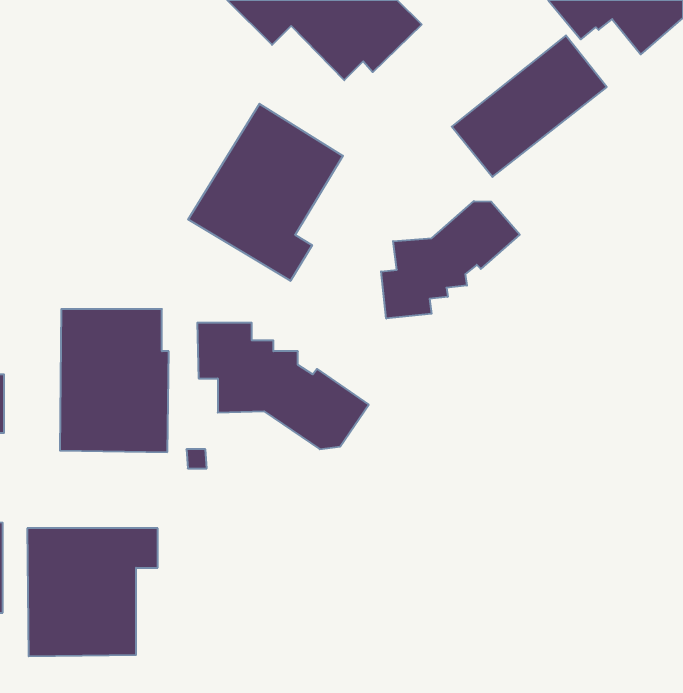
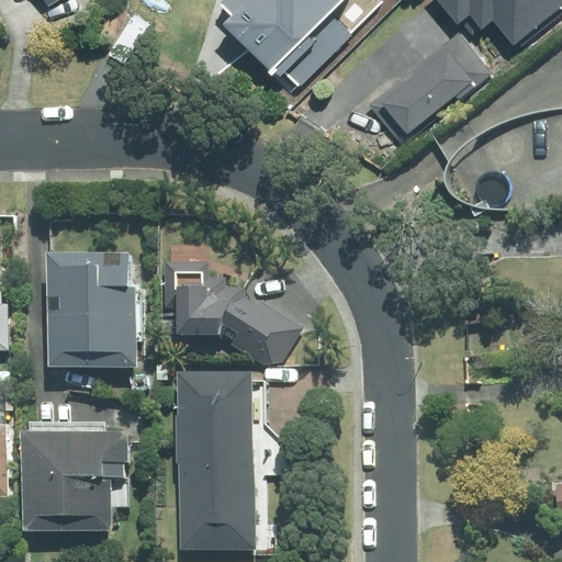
building: [188,104,343,281] -> none
building: [381,201,520,319] -> none
building: none -> [179,369,254,549]

